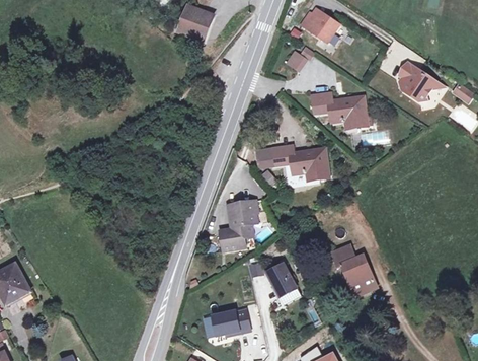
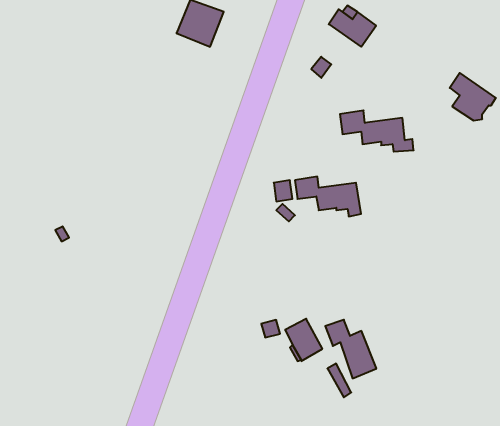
building: [218,199,259,248] -> none
building: [332,248,374,296] -> [325,320,376,378]
building: [213,312,250,337] -> none

